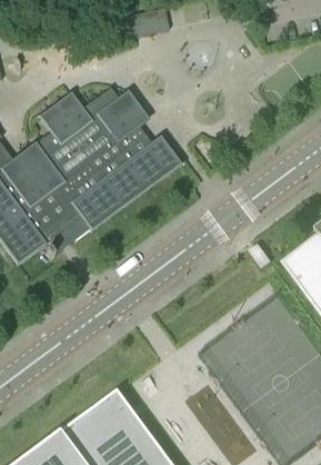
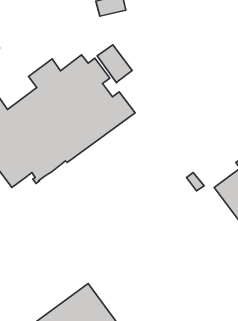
building: none -> [97,45,132,83]

